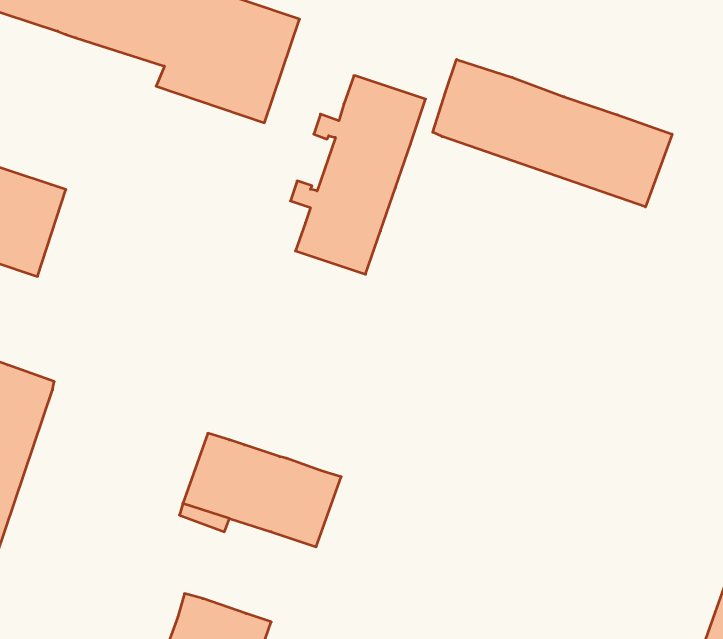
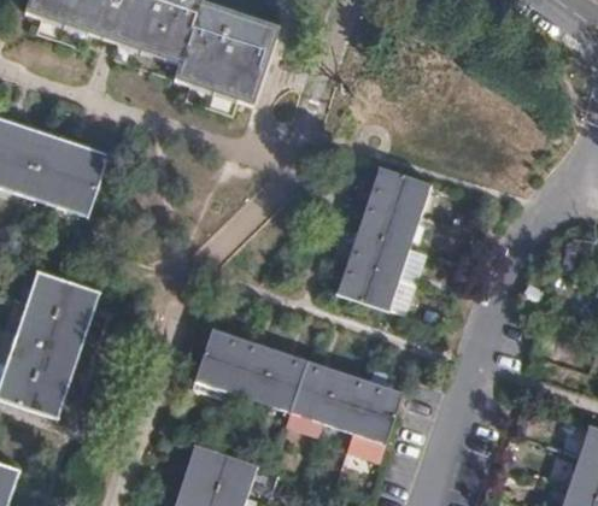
building: [433,59,672,207] -> none
building: [290,76,426,274] -> [333,166,430,310]
building: none -> [289,360,403,458]

